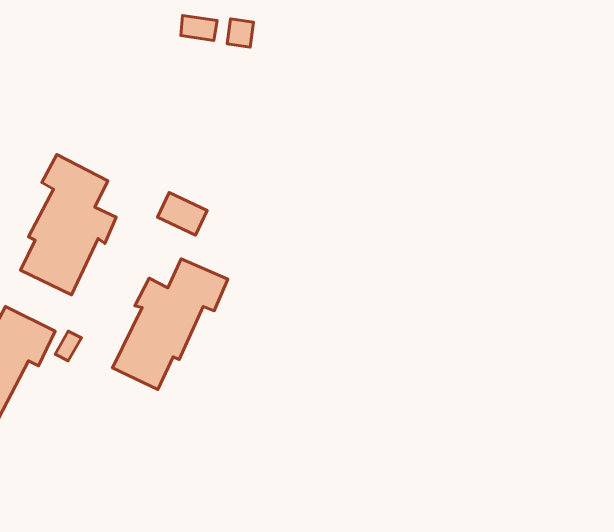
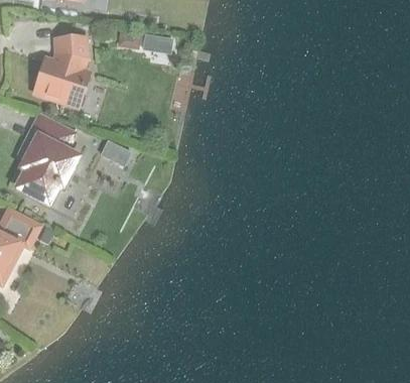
building: none -> [33,33,89,105]
building: [113,259,228,389] -> none

